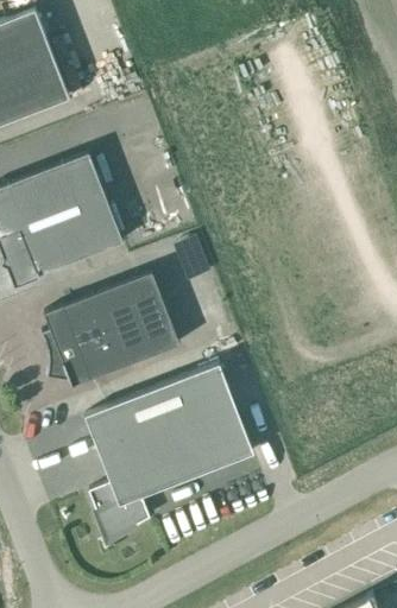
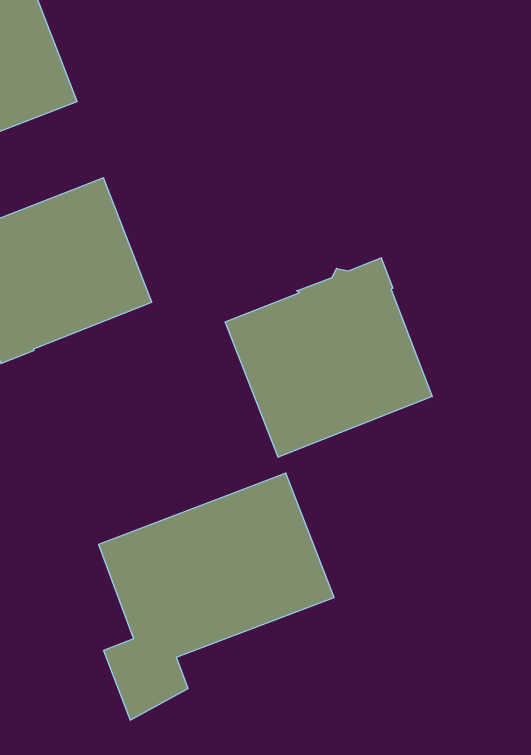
building: none -> [225,258,432,457]
building: [38,273,181,388] -> none

